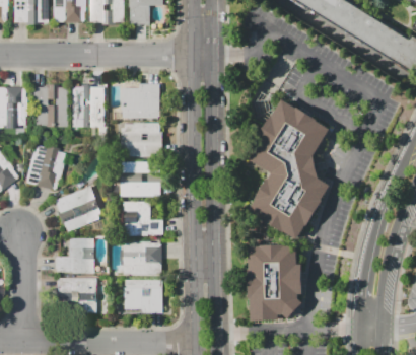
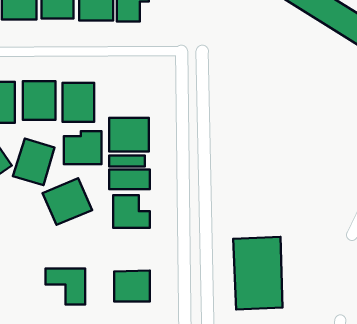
building: [123,83,161,117] -> [64,131,102,164]
building: [249,99,331,238] -> none
building: [55,237,93,273] -> none
building: [121,243,160,275] -> none

